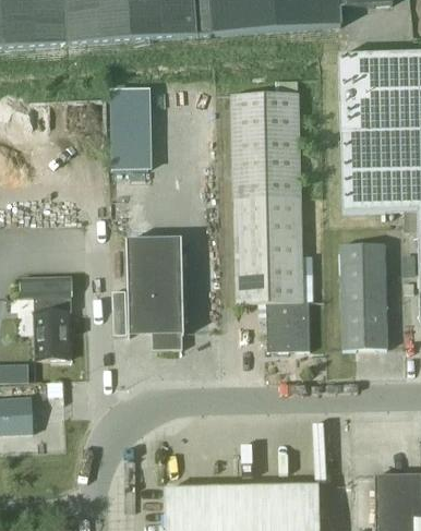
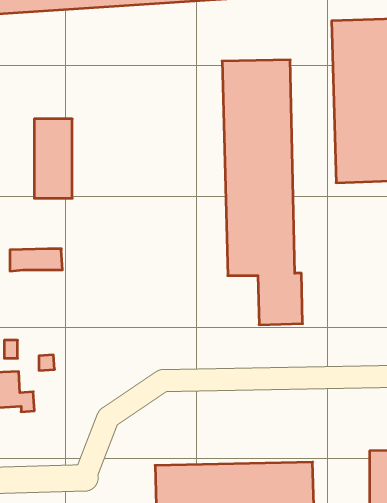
building: [120,85,157,162] -> [34,119,72,198]
building: [124,237,182,348] -> none
building: [339,242,386,349] -> none
building: [36,297,74,359] -> none

